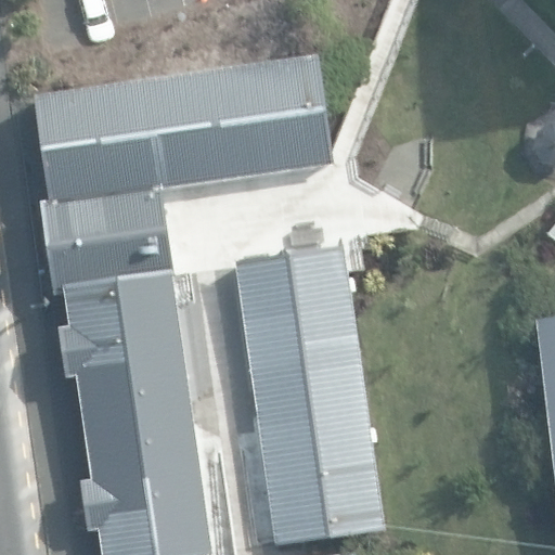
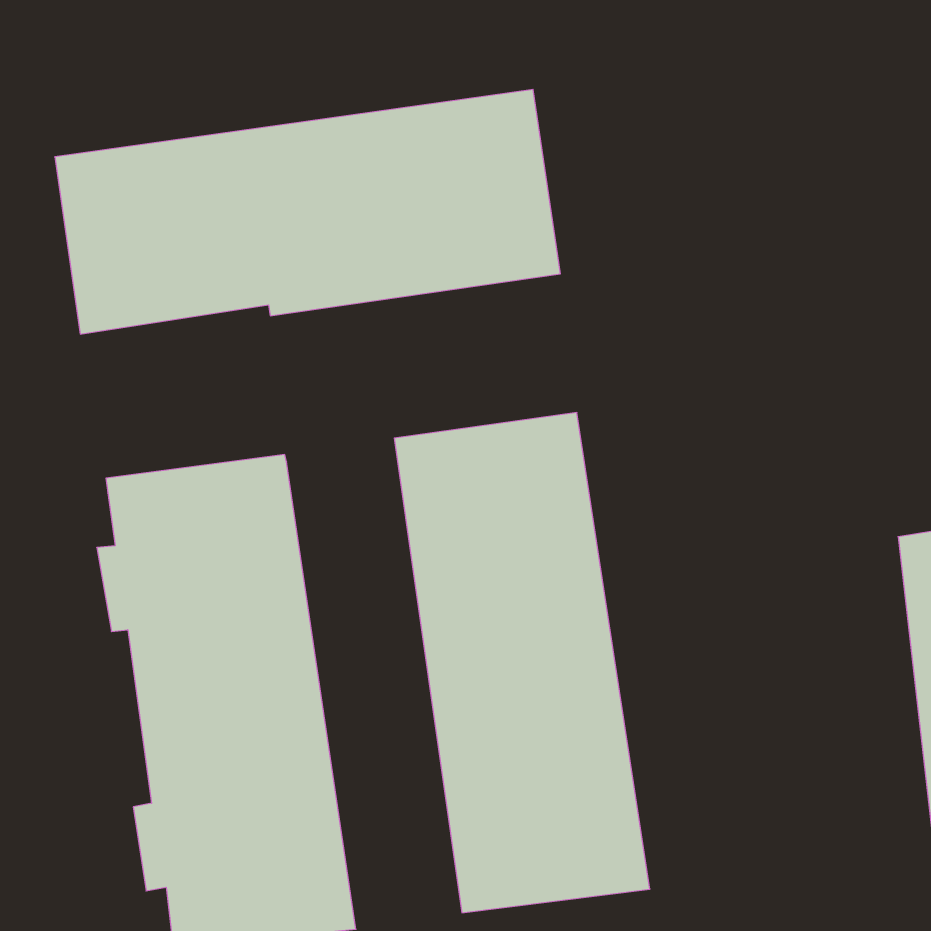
building: [40,182,176,295] -> none

